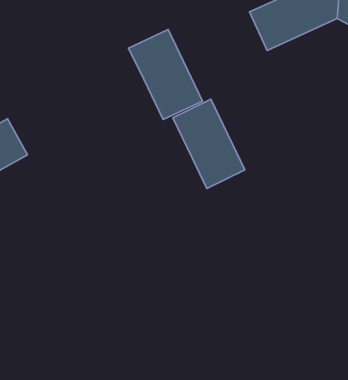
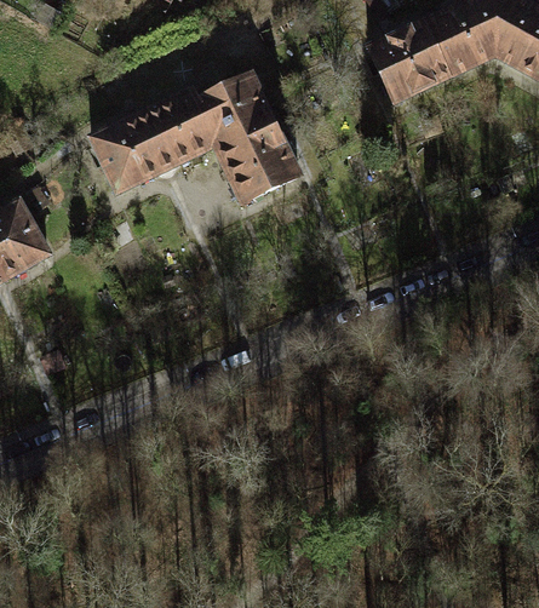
building: none -> [90,88,216,189]
building: [173,99,245,189] -> none

